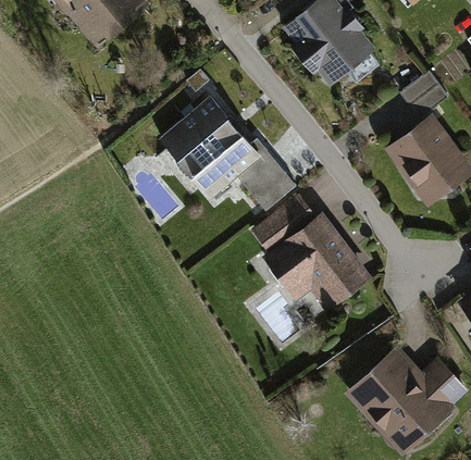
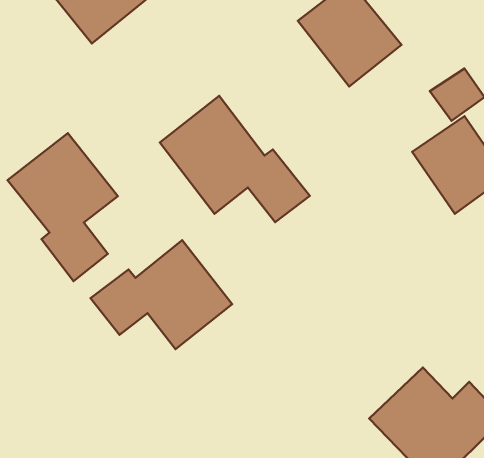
building: none -> [8,133,118,281]
building: [249,196,371,312] -> none
building: none -> [91,240,232,349]

